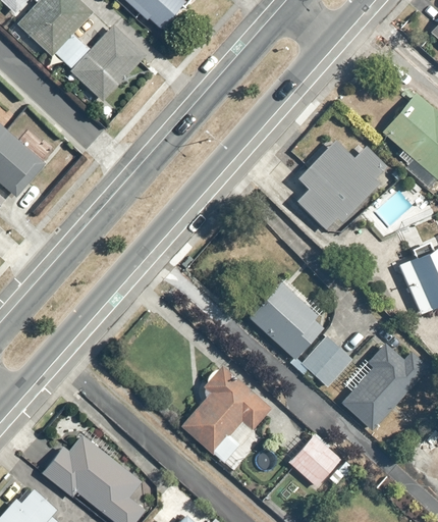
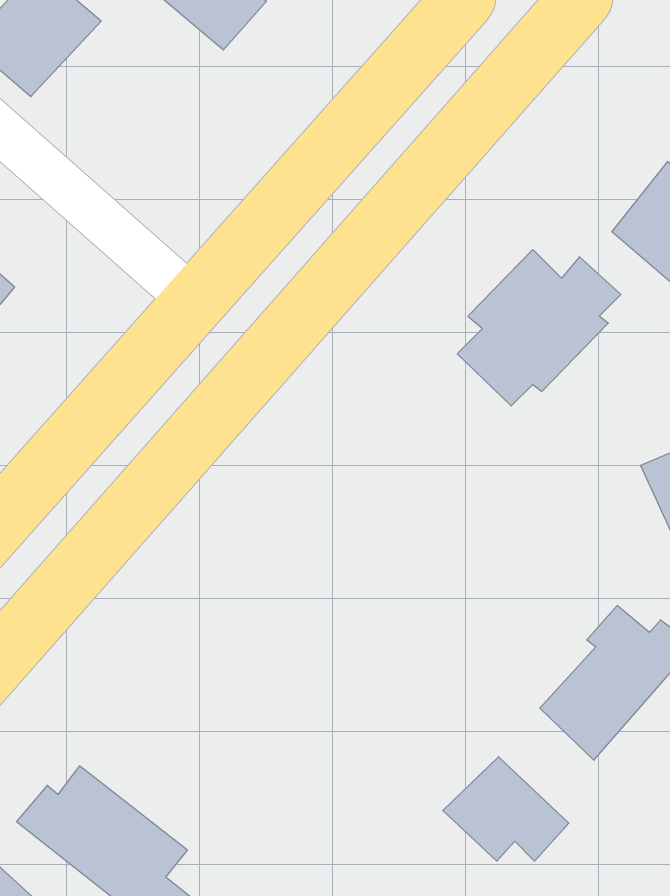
building: [70,25,146,103] -> none
building: [249,281,323,360] -> none
building: [303,333,355,386] -> none
building: [181,365,271,455] -> none

